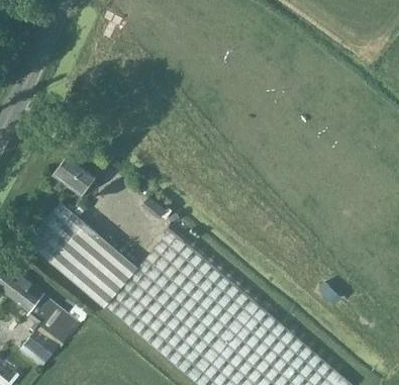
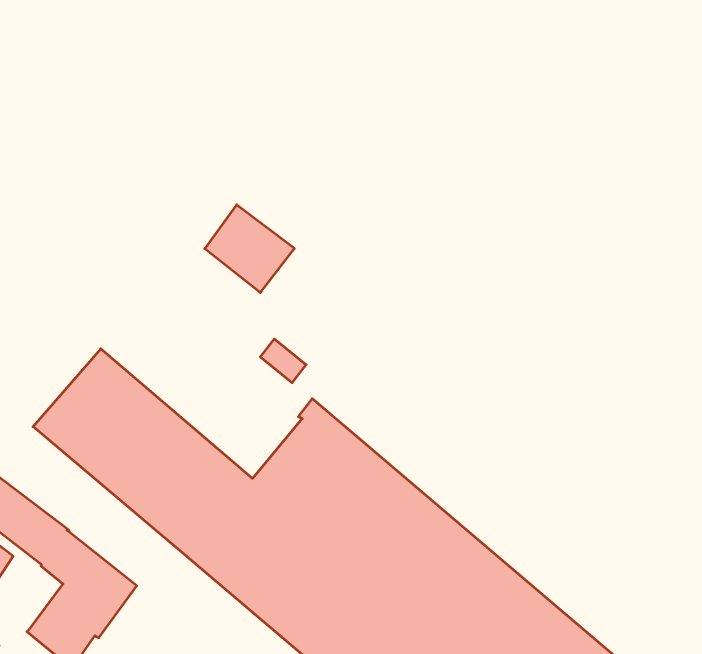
building: [53,153,98,197] -> [205,205,294,293]

